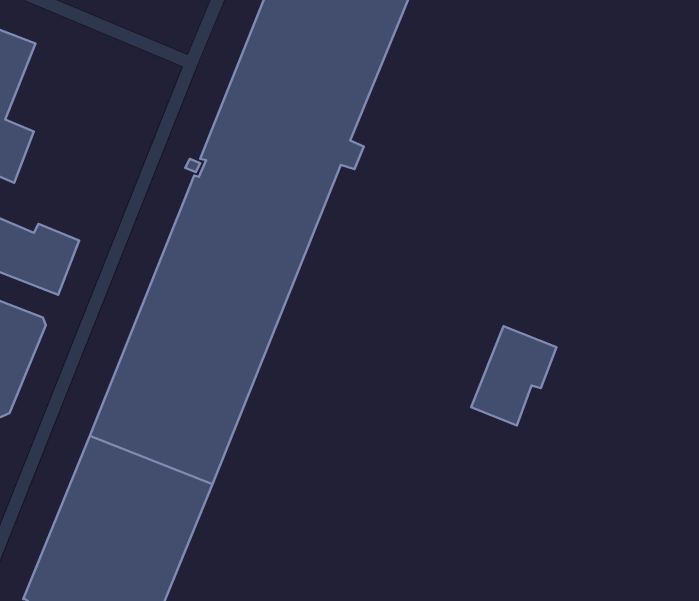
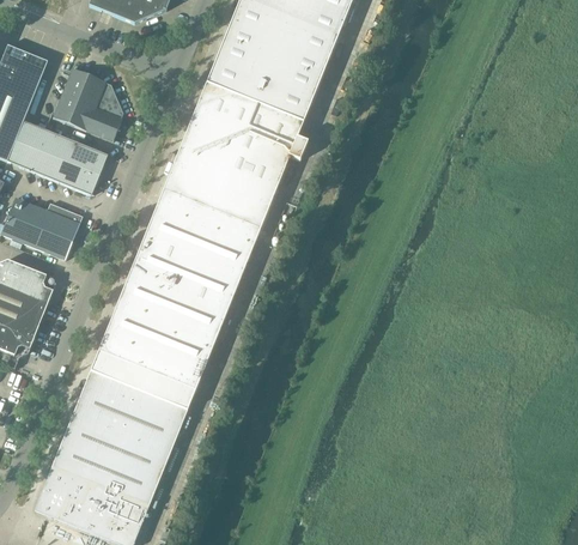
building: none -> [53,68,123,140]
building: none -> [31,129,108,194]
building: [471,326,557,425] -> none

